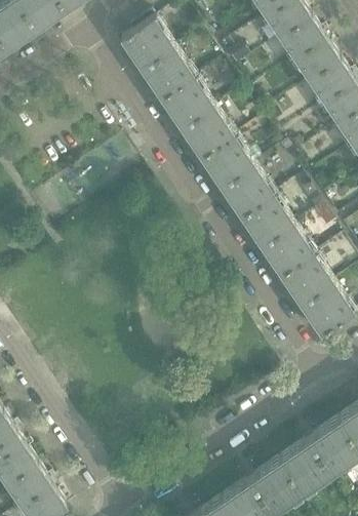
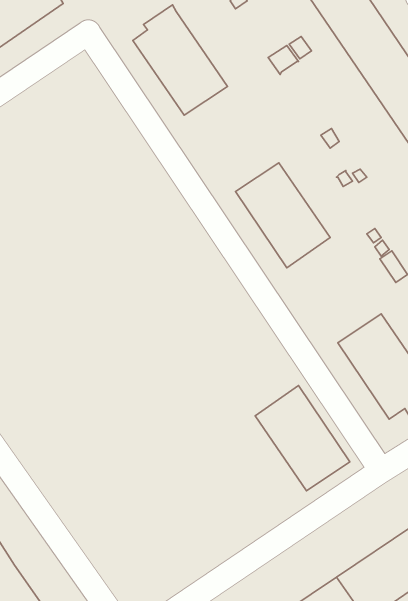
building: [160,78,234,160] -> none
building: [240,196,314,278] -> [255,386,350,491]

